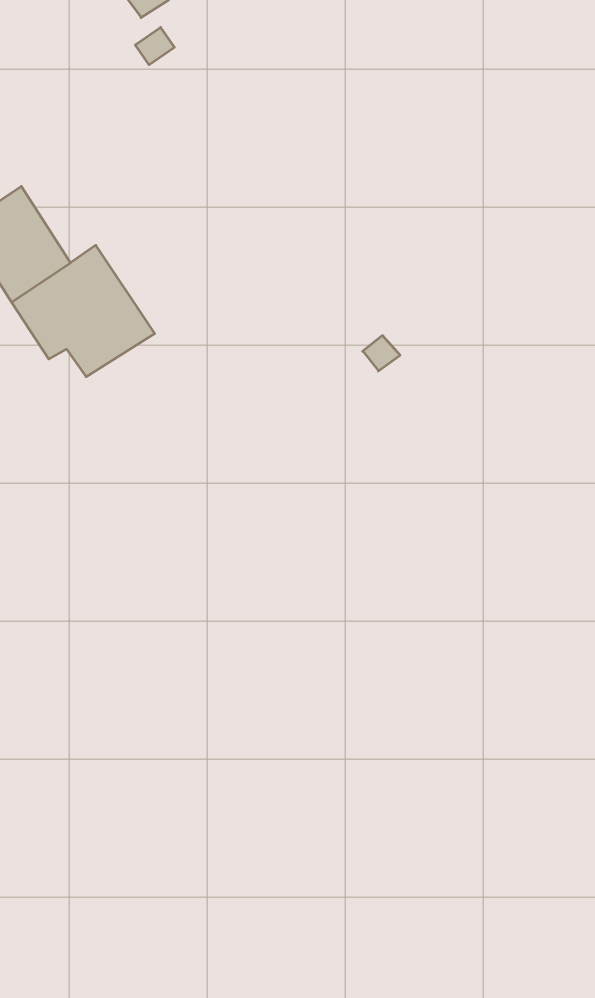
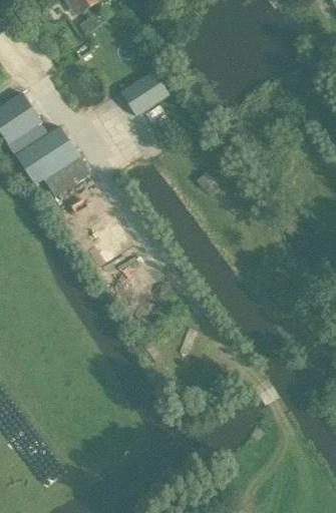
building: none -> [119,70,169,115]

